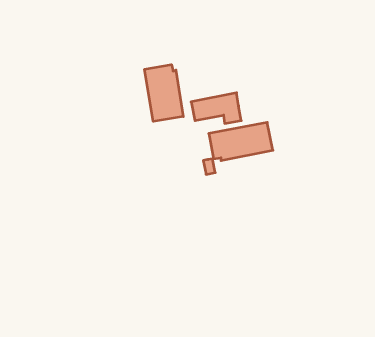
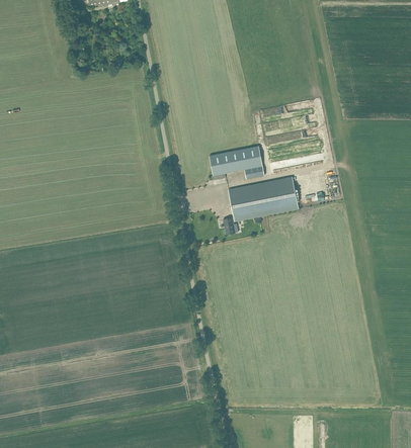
building: [145,65,183,121] -> none

